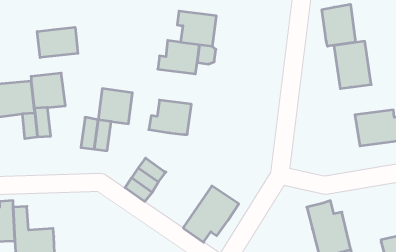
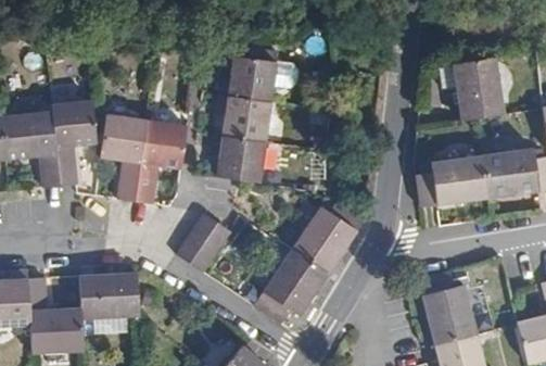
building: [322,4,356,46] -> none
building: [177,11,216,46] -> [218,96,270,142]
building: [37,27,78,58] -> none
building: none -> [100,115,147,163]
building: none -> [416,156,488,206]
building: none -> [292,200,367,275]
building: none -> [80,274,139,318]

